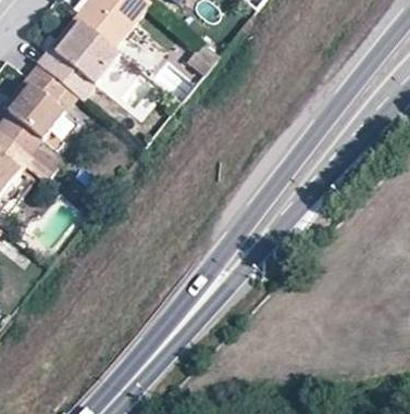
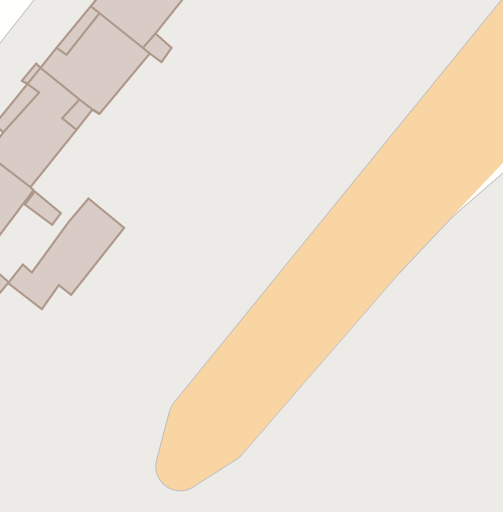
building: none -> [8,198,124,309]

